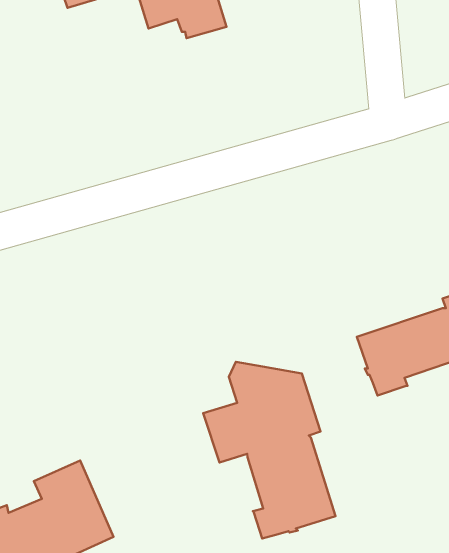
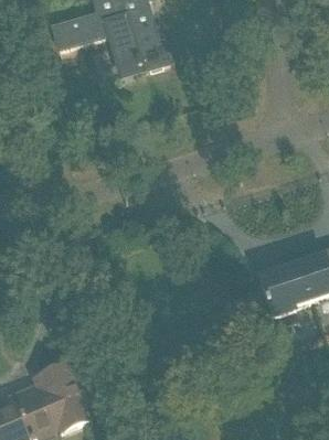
building: [203,362,336,539] -> none

